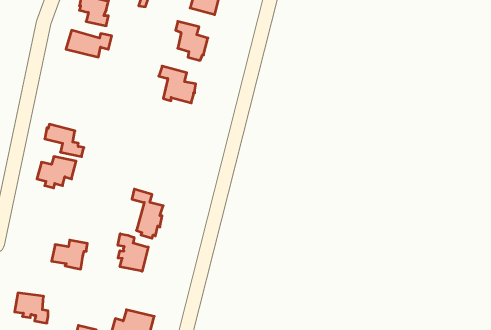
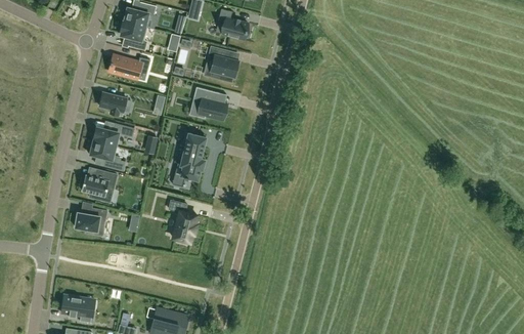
building: none -> [99,92,127,117]
building: none -> [93,124,134,147]
building: none -> [175,132,206,180]
building: [118,234,148,271] -> none
building: [52,240,87,269] -> [75,208,107,235]

